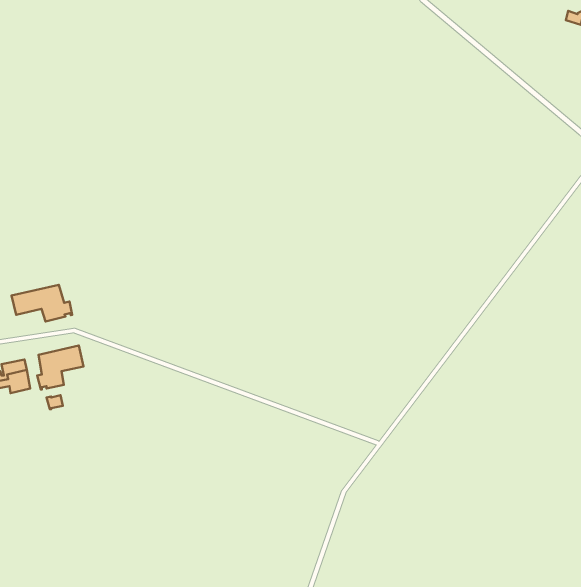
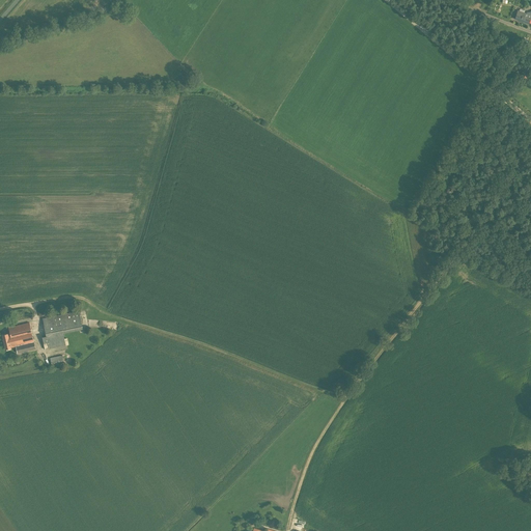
building: [12,285,72,321] -> none

